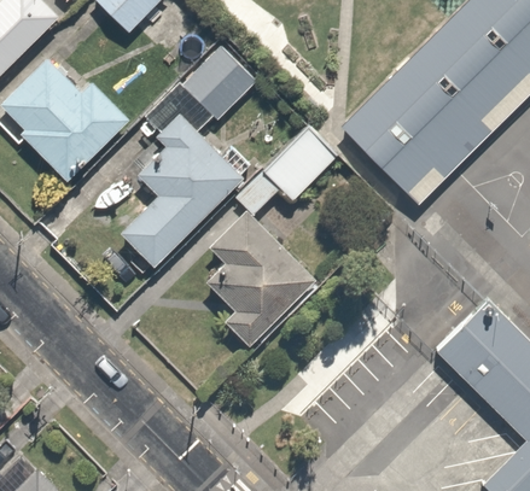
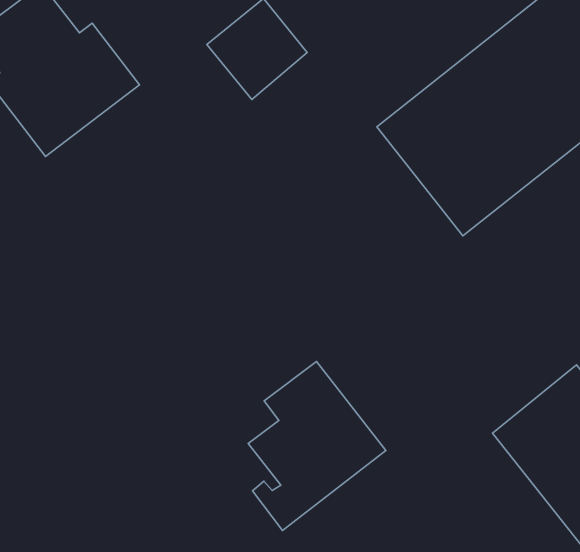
building: [121,117,245,270] -> none
building: [239,131,337,212] -> none
building: [206,216,310,346] -> [248,362,386,531]

